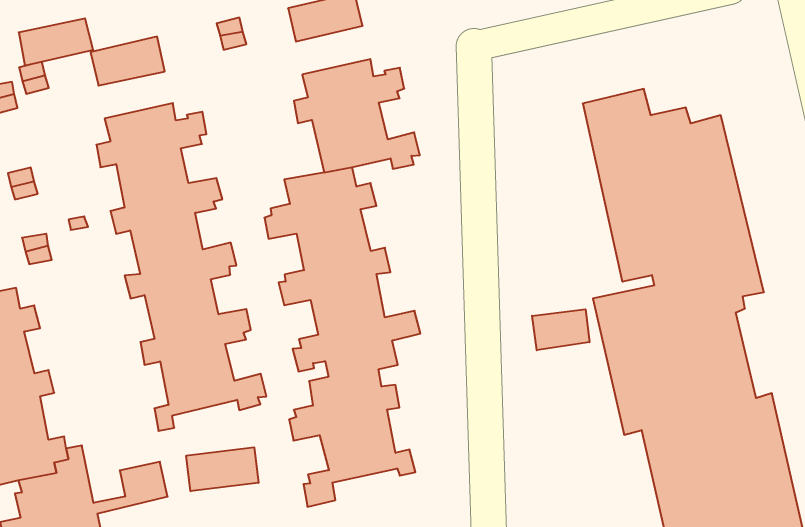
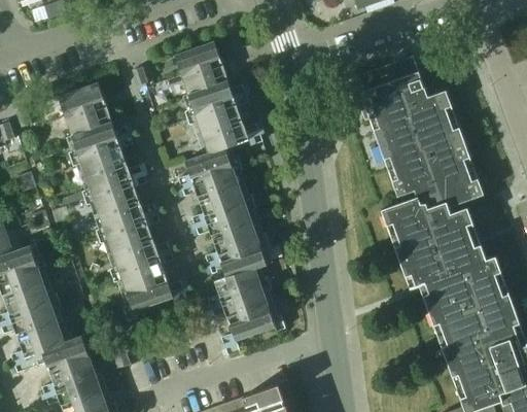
building: [19,18,93,65] -> [66,103,112,136]
building: none -> [182,61,229,95]
building: [532,309,589,350] -> none
building: [186,447,258,491] -> none

